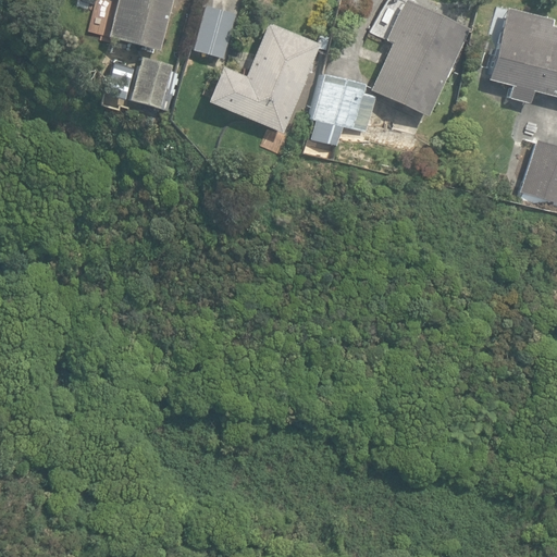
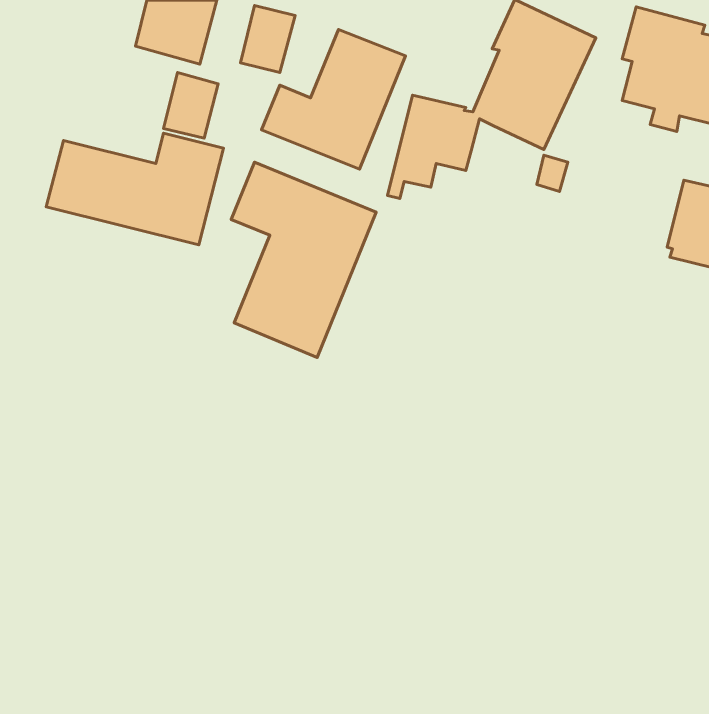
building: none -> [46,133,224,245]
building: none -> [231,162,376,358]

